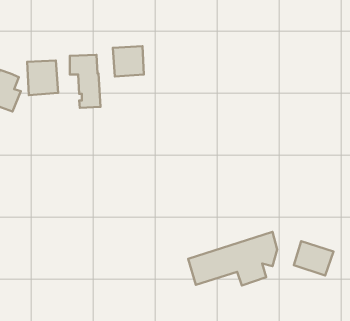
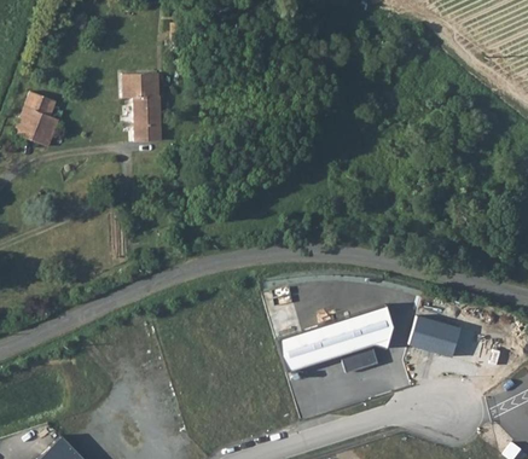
building: [113,46,144,76] -> none
building: [27,61,58,95] -> none

